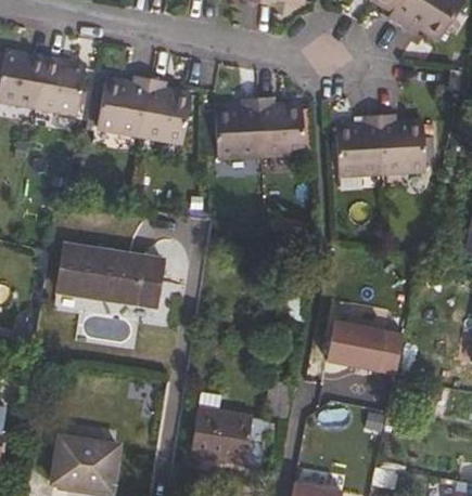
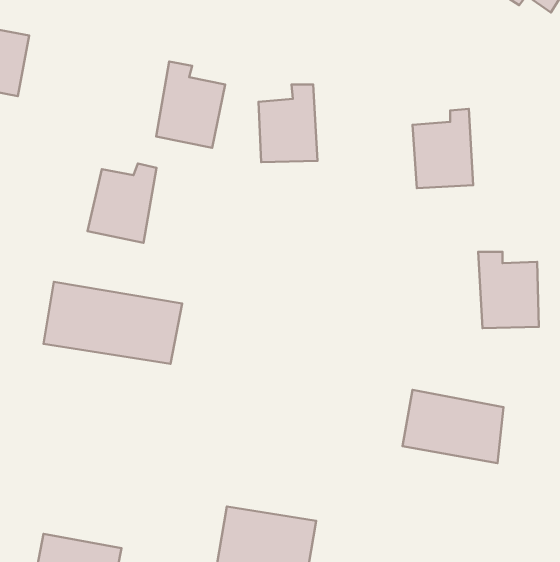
building: [37,60,86,113] -> none
building: [99,76,151,135] -> [87,164,157,243]
building: [259,95,307,154] -> none
building: [377,115,422,172] -> [478,252,539,328]

